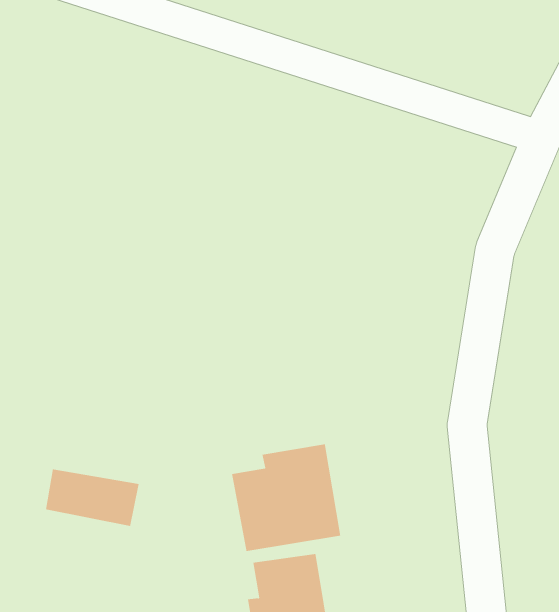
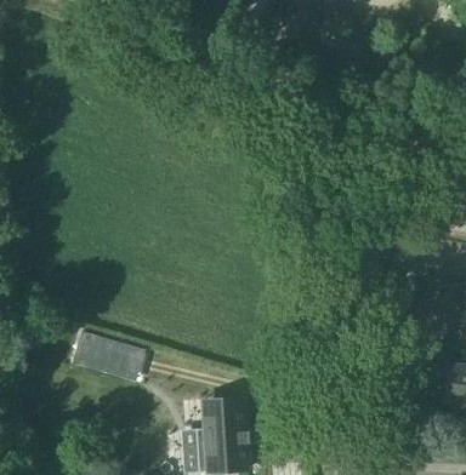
building: [232,444,341,552] -> none

